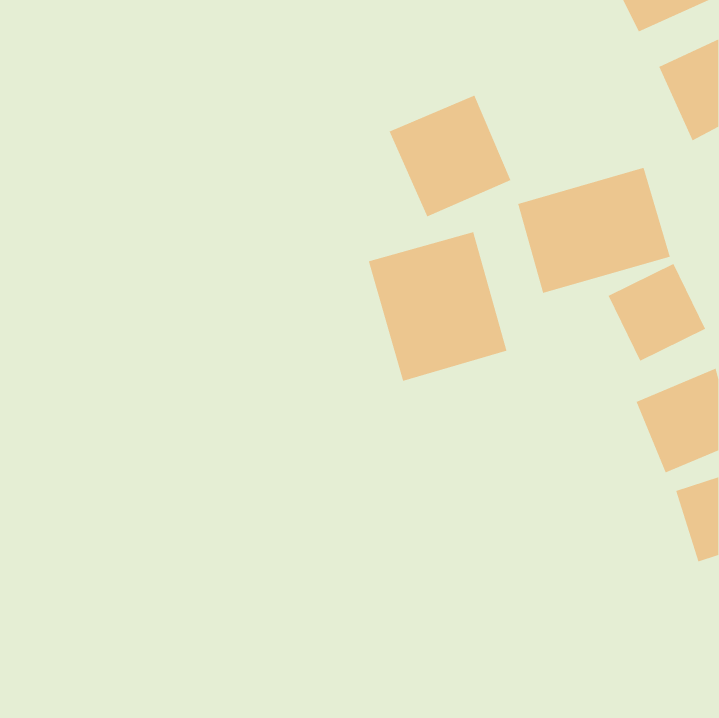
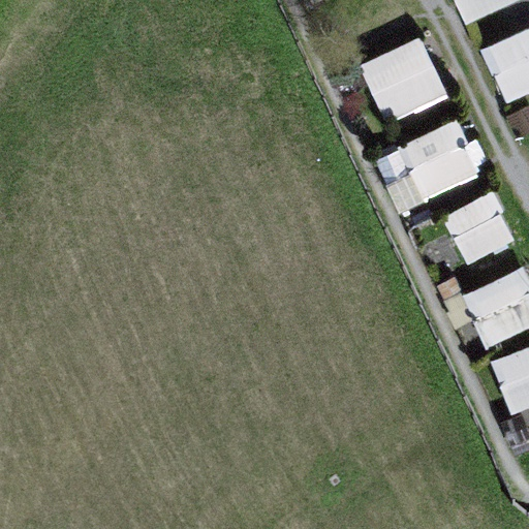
building: [389,94,511,217] -> [360,35,449,125]
building: [368,231,508,382] -> none

